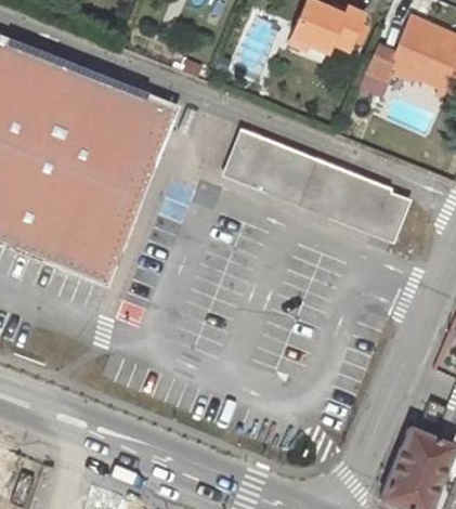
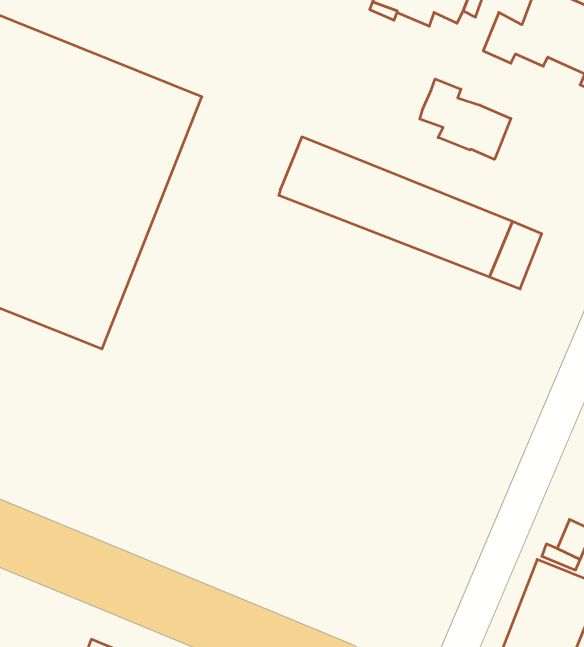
building: none -> [420,79,511,159]

